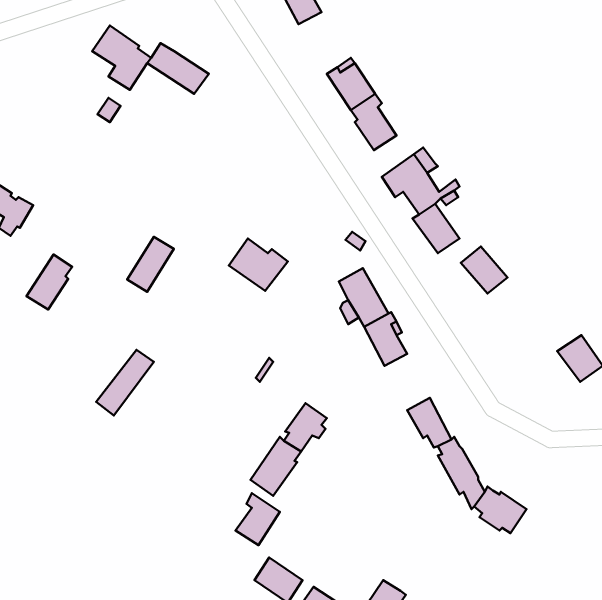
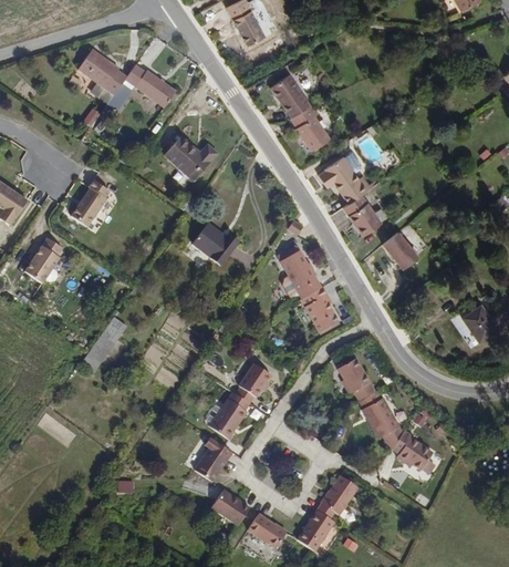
building: none -> [164,134,219,181]
building: [127,237,174,292] -> [71,181,110,226]
building: none -> [318,474,359,516]

